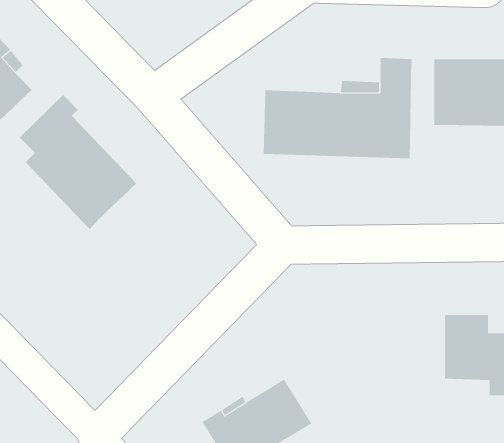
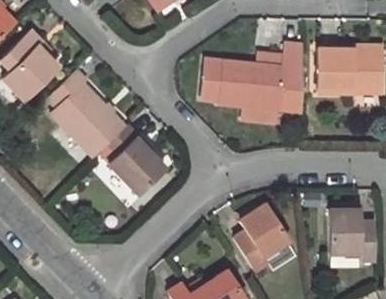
building: none -> [105,127,164,194]
building: none -> [233,199,287,269]

